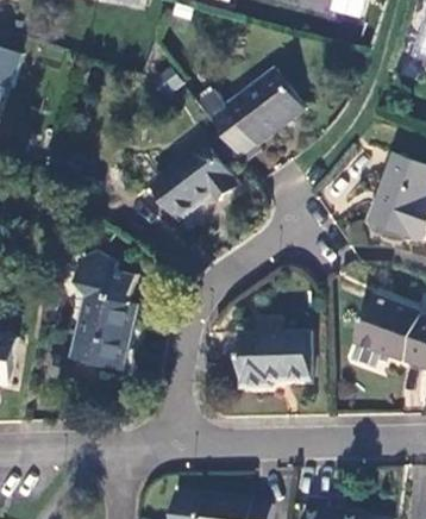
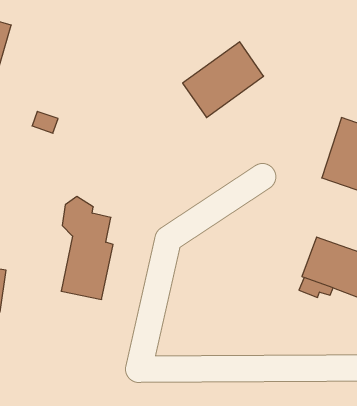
building: [152,139,239,218] -> none
building: [242,336,311,389] -> none

